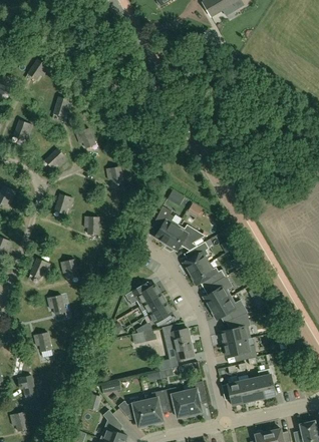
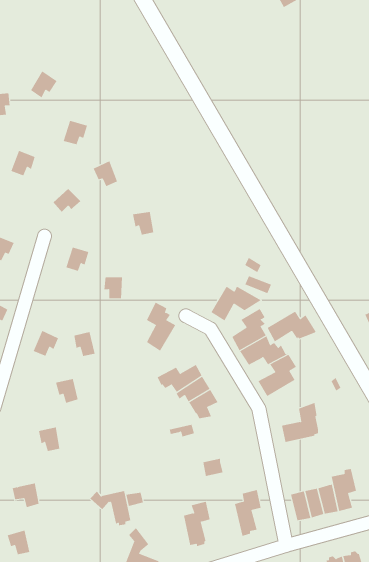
building: [155,206,179,245] -> [146,302,176,351]
building: [210,297,248,321] -> [267,311,316,342]
building: [164,325,194,361] -> none
building: [224,340,258,361] -> none
building: [164,388,191,419] -> none
building: [118,401,150,428] -> [89,491,131,526]

